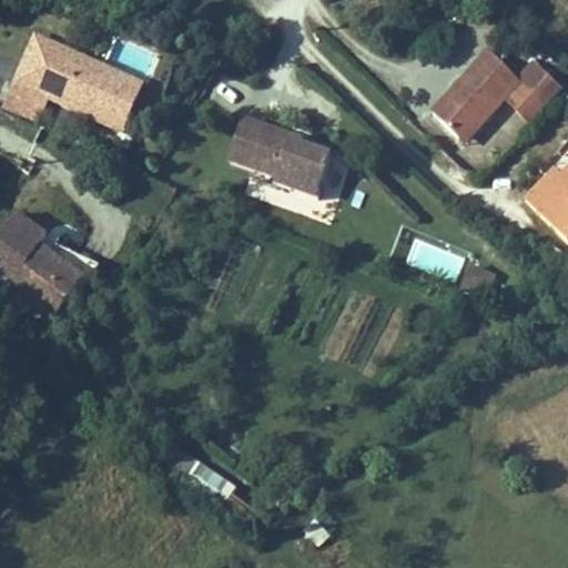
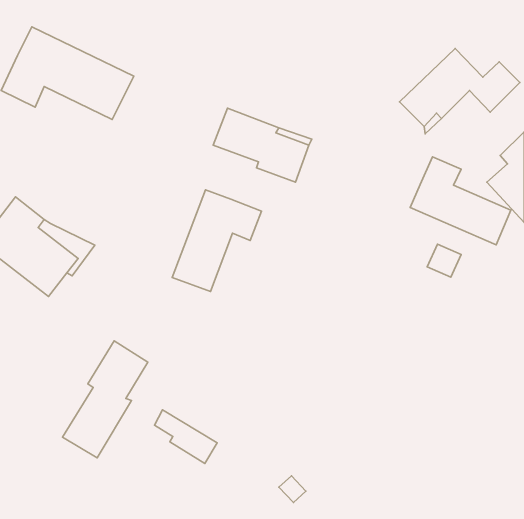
building: none -> [410,157,511,245]
building: none -> [172,190,261,292]
building: none -> [62,341,148,458]

